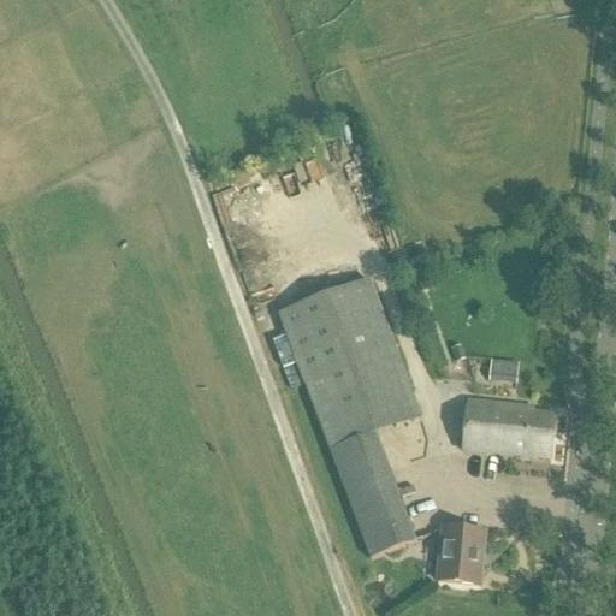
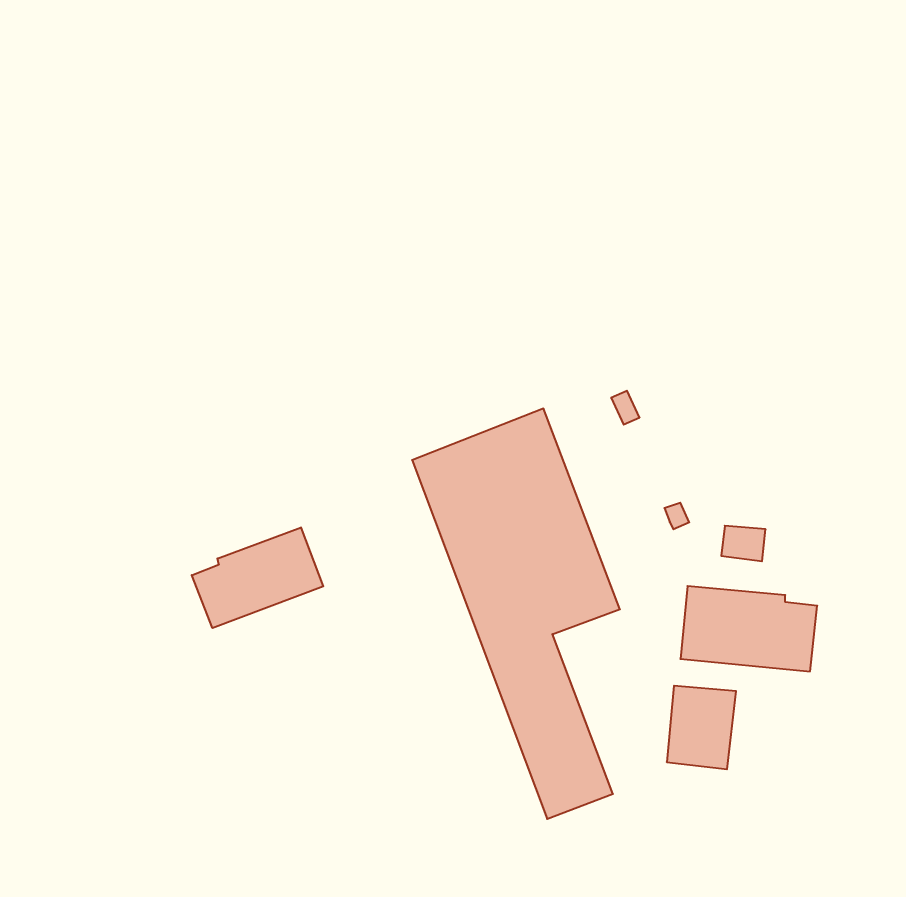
building: none -> [192,527,323,628]
building: [437,525,484,581] -> [667,686,736,769]

